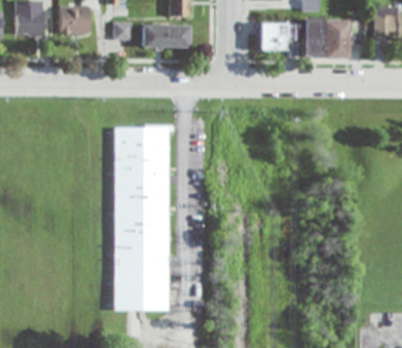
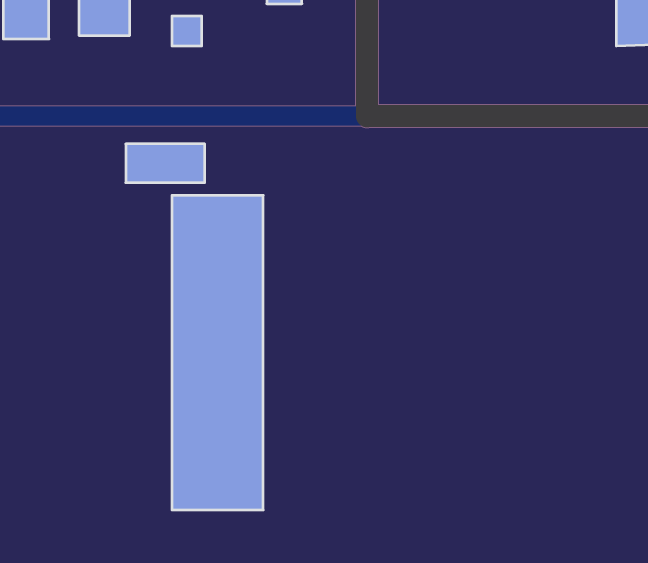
building: [304,17,349,59] -> none
building: [259,23,295,50] -> none
building: [142,25,188,47] -> [126,144,205,183]

